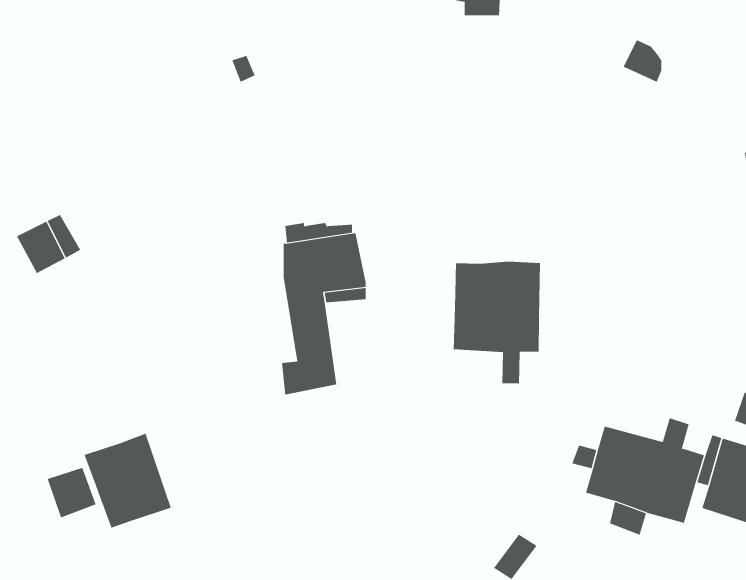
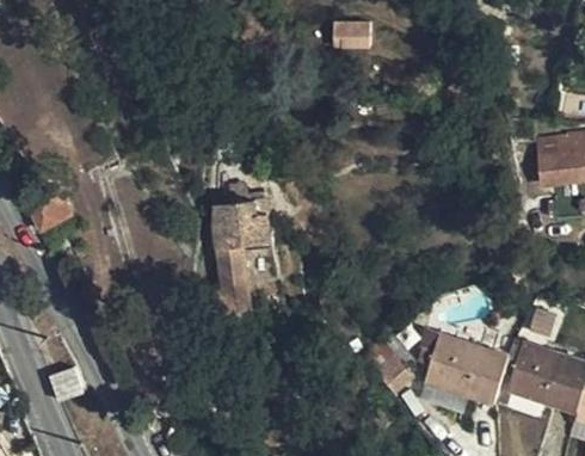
building: [453,261,541,384] -> none
building: [84,433,172,528] -> none

